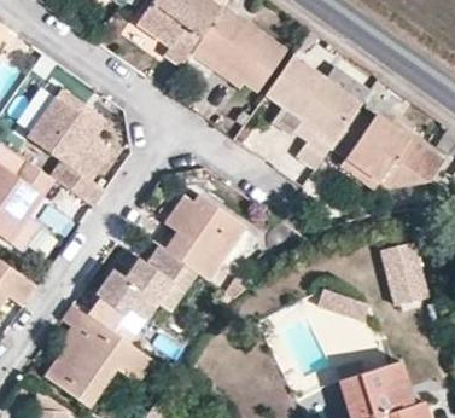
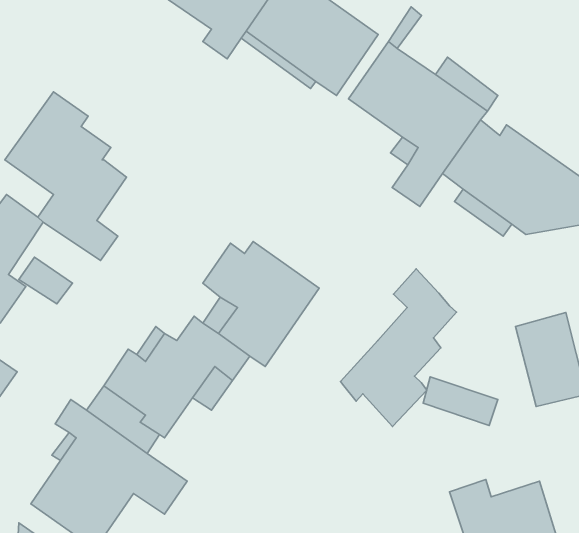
building: none -> [340,269,456,427]

